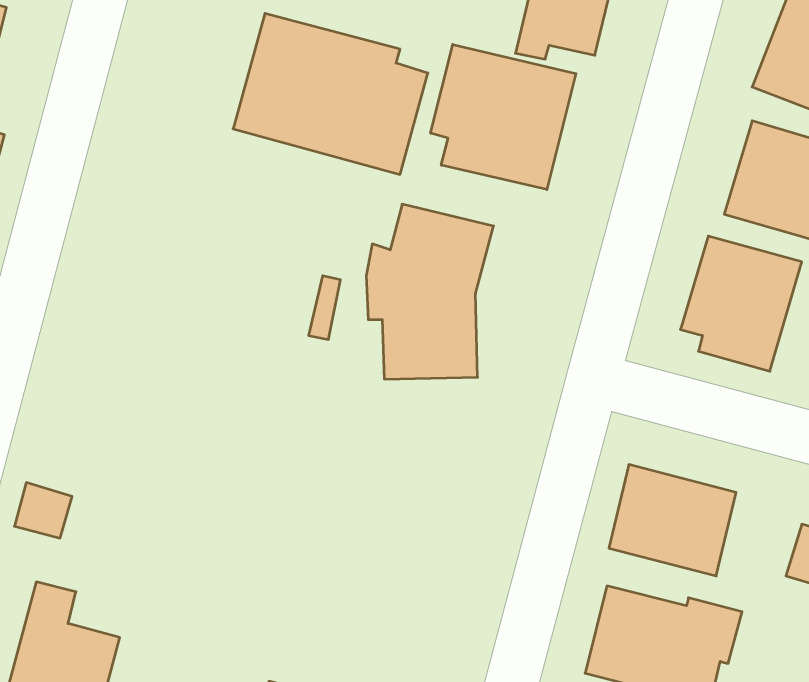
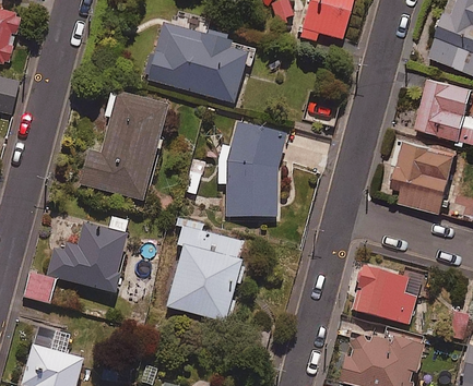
building: [431,44,576,190] -> none
building: none -> [90,92,167,200]
building: none -> [46,215,131,292]
building: none -> [166,227,246,322]

